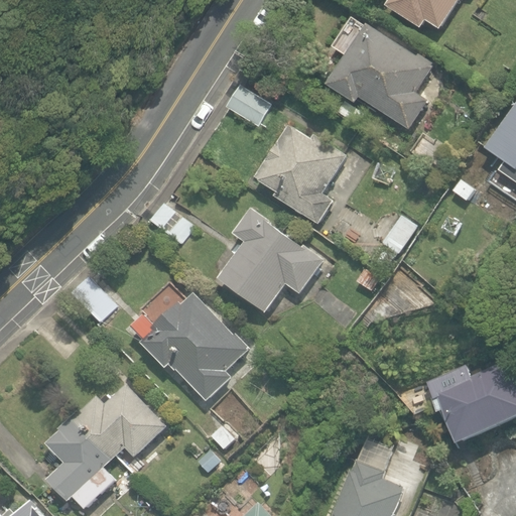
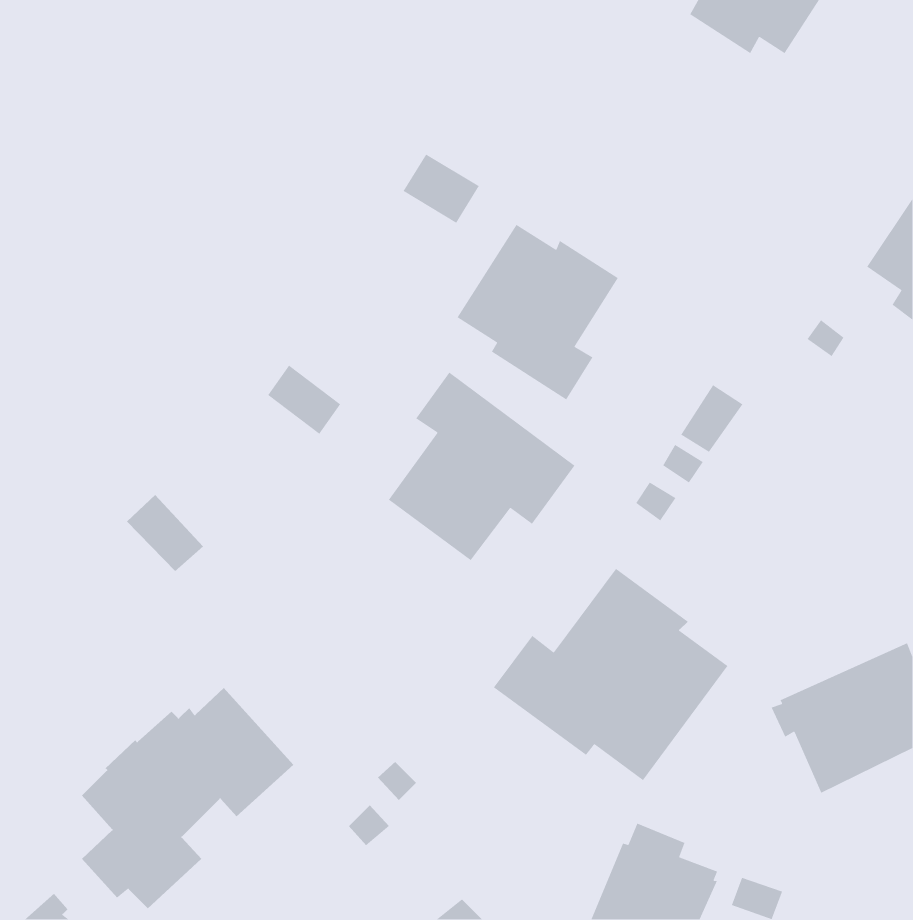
building: [327,24,430,129] -> none
building: [132,292,248,399] -> none
building: none -> [493,568,728,781]

